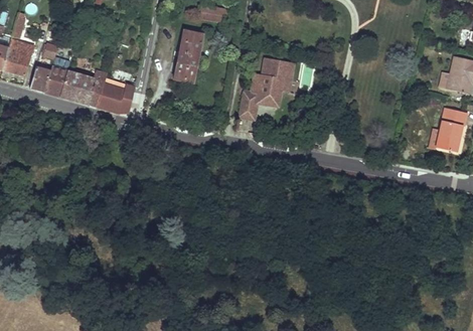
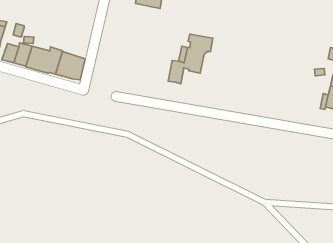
building: [172,29,203,82] -> none

